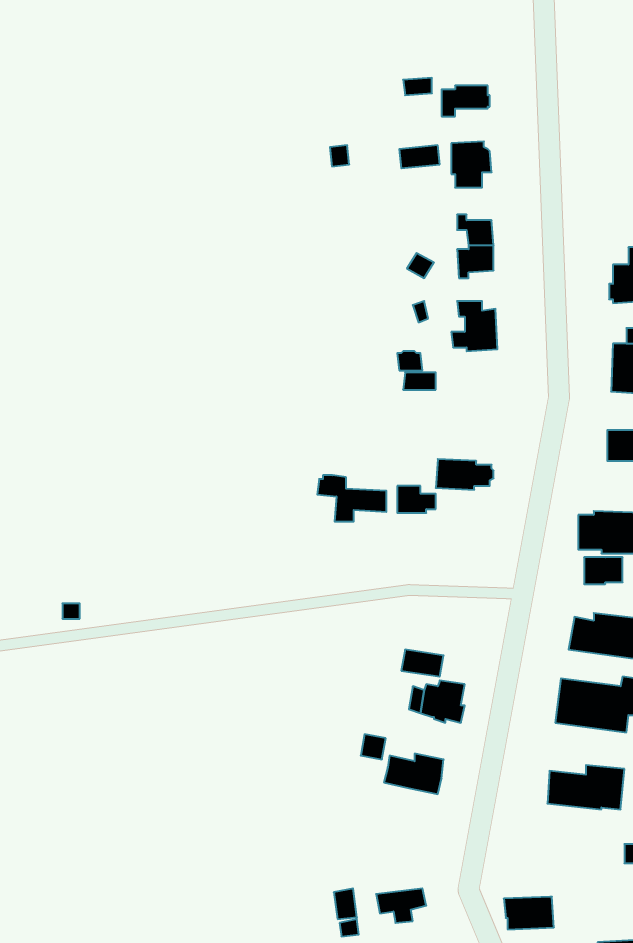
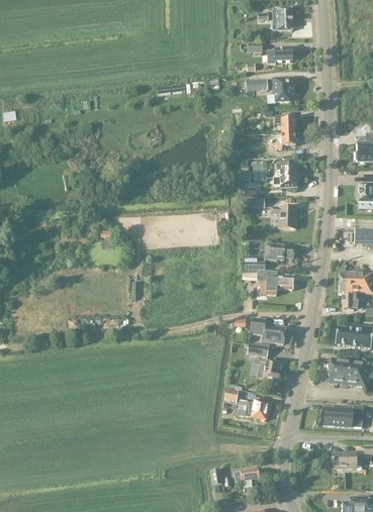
building: none -> [273,7,292,30]
building: none -> [271,206,296,228]
building: [317,475,386,522] -> [257,270,293,294]
building: none -> [251,317,285,343]
building: [504,897,554,929] -> [332,451,358,469]

